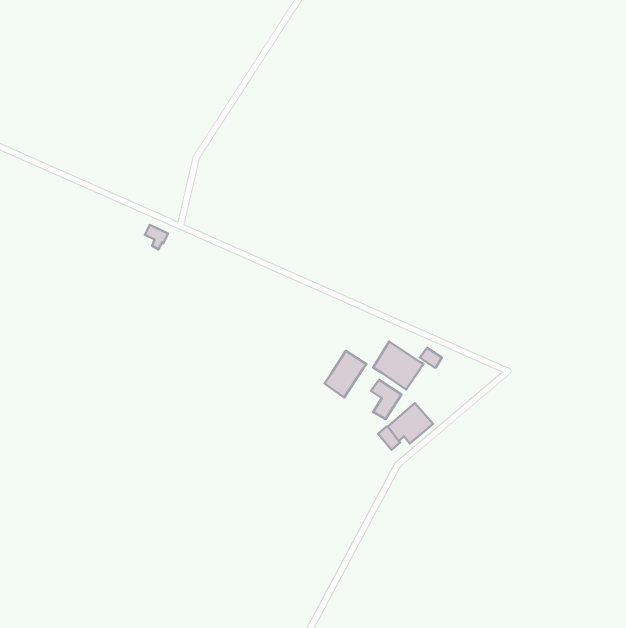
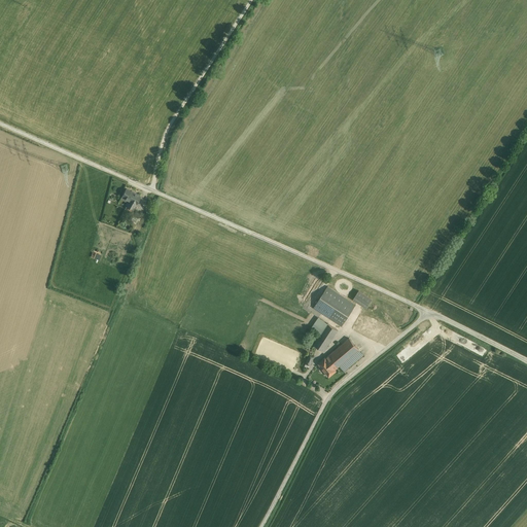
building: [325,351,366,397] -> none

